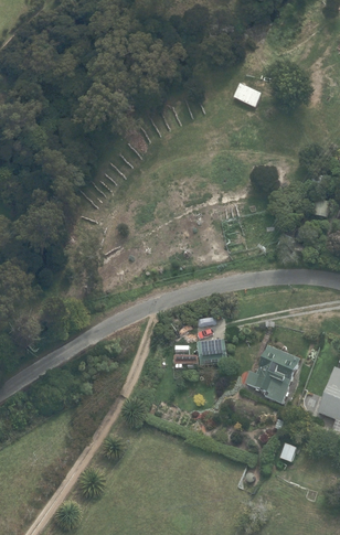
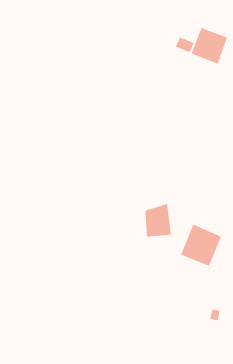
building: none -> [191,27,228,64]

